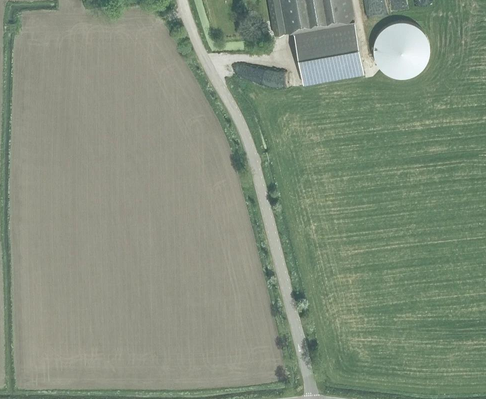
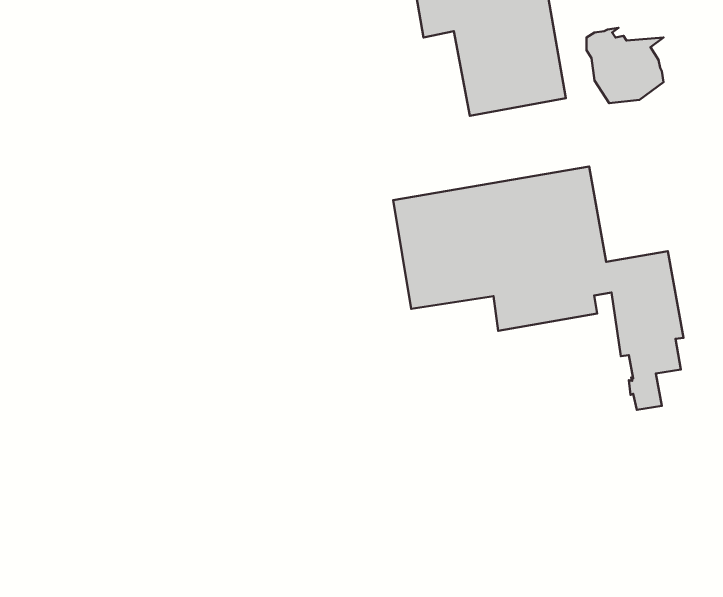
building: none -> [393,166,683,410]

